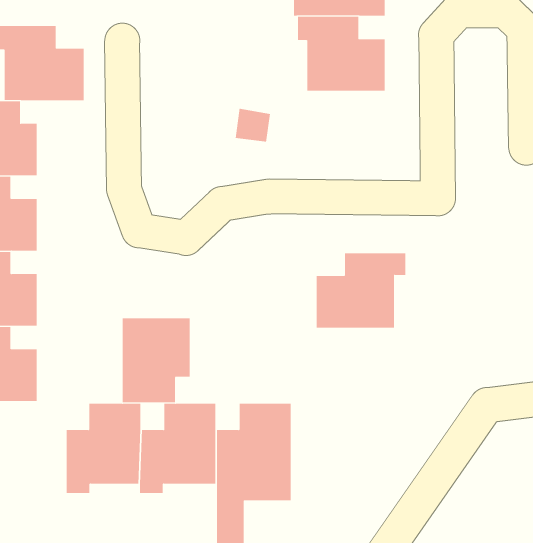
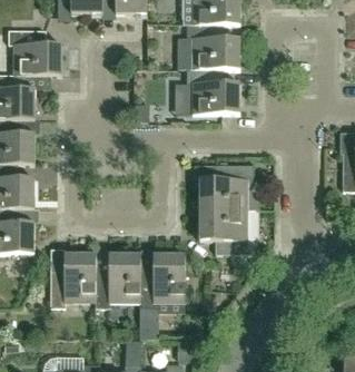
building: none -> [186,69,239,114]
building: [122,318,190,403] -> none
building: none -> [198,209,252,254]

